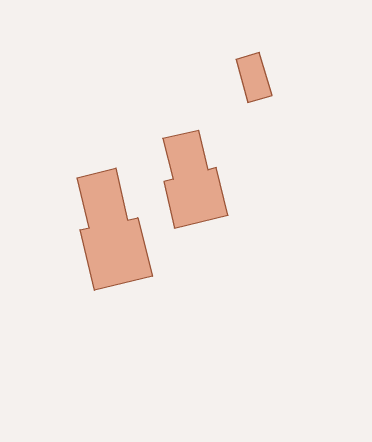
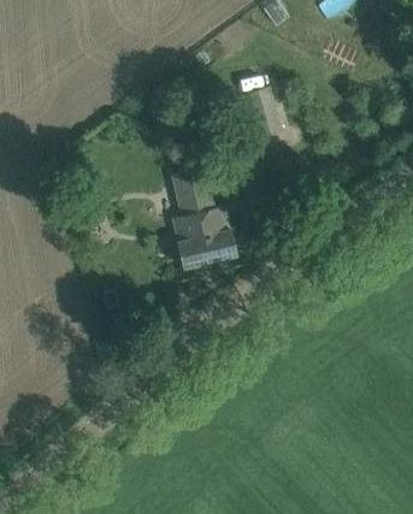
building: [77,168,152,290] -> none

